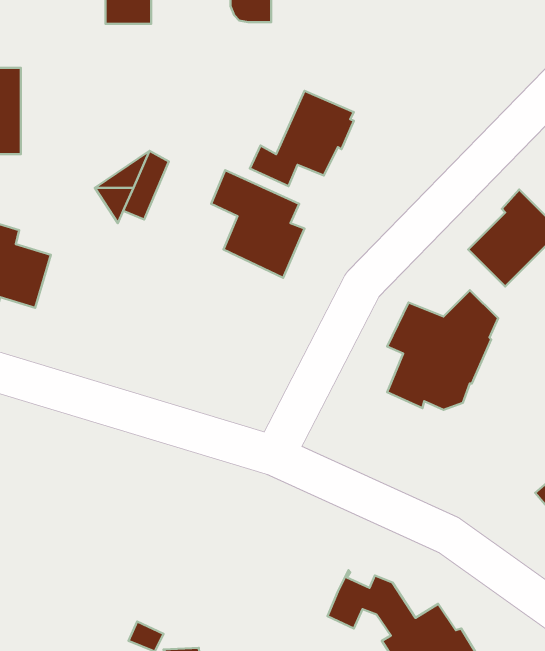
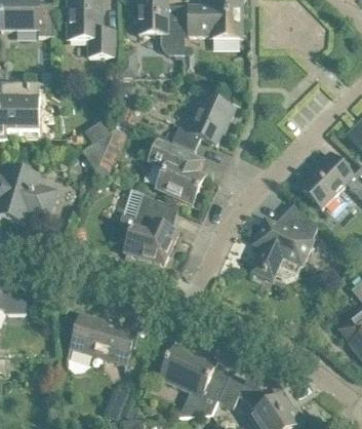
building: none -> [117,187,178,263]
building: none -> [70,312,136,363]
building: none -> [158,343,224,415]

